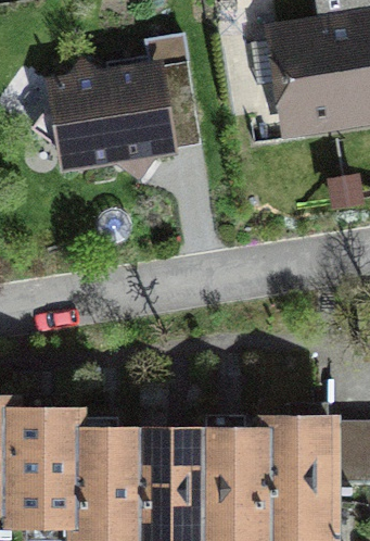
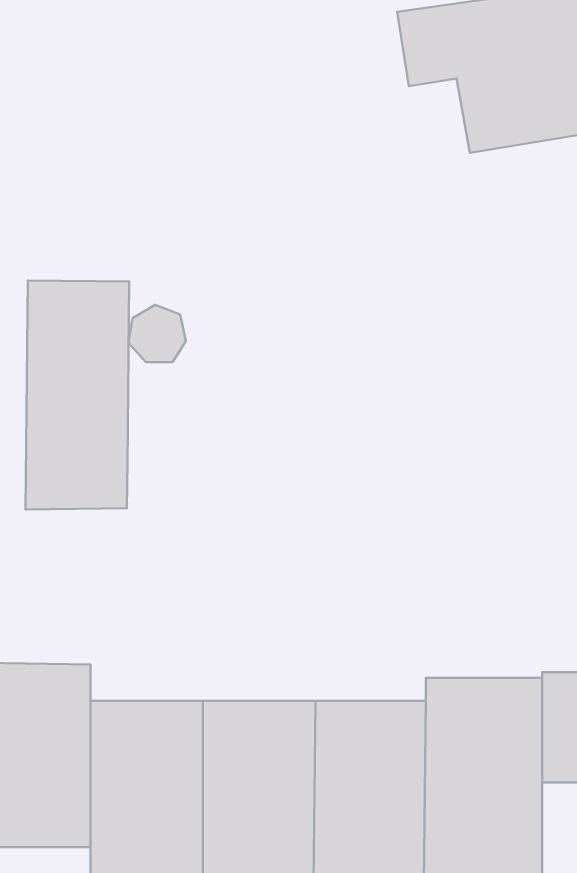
building: [35,60,192,163] -> none
building: none -> [26,281,129,510]

